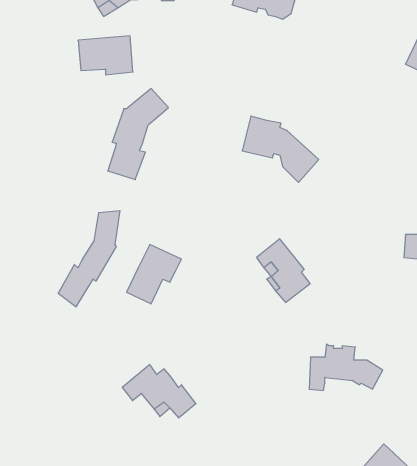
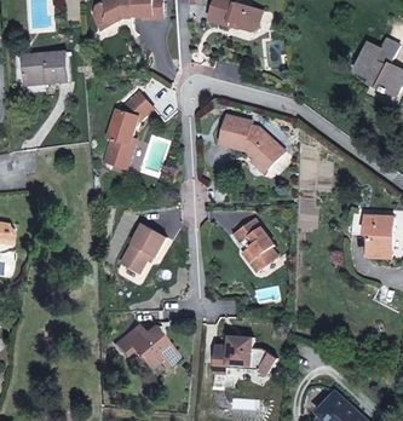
building: [78,36,133,75] -> [23,51,69,83]
building: [58,211,120,307] -> none
building: [309,344,383,390] -> [217,335,278,374]

